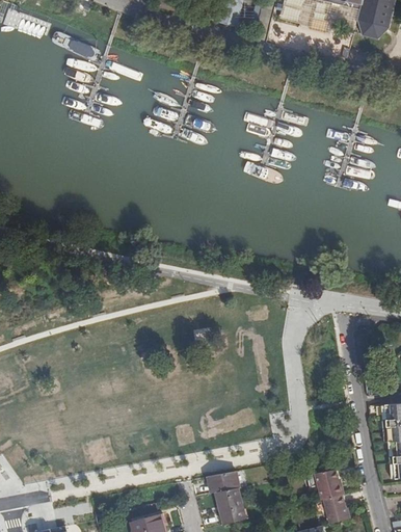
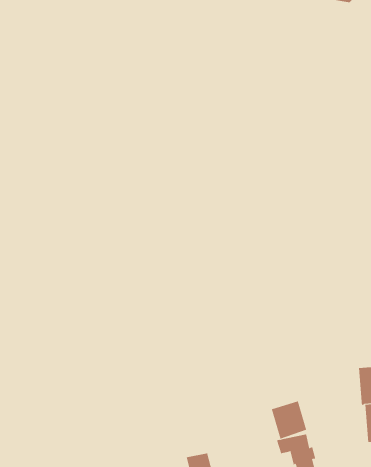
building: none -> [271,401,307,439]
building: [208,472,239,491] -> none

